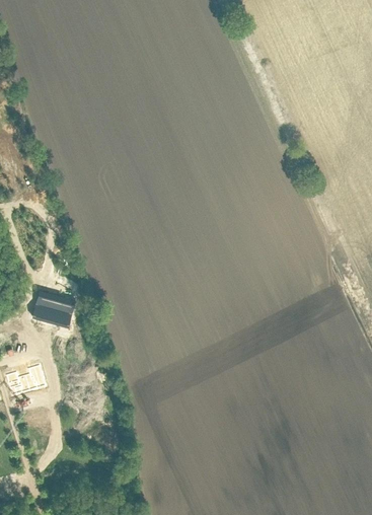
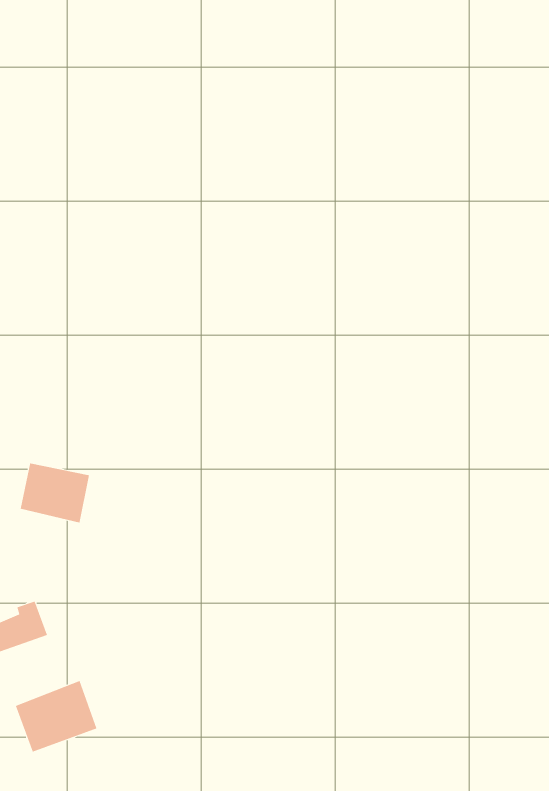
building: none -> [15,680,97,752]

